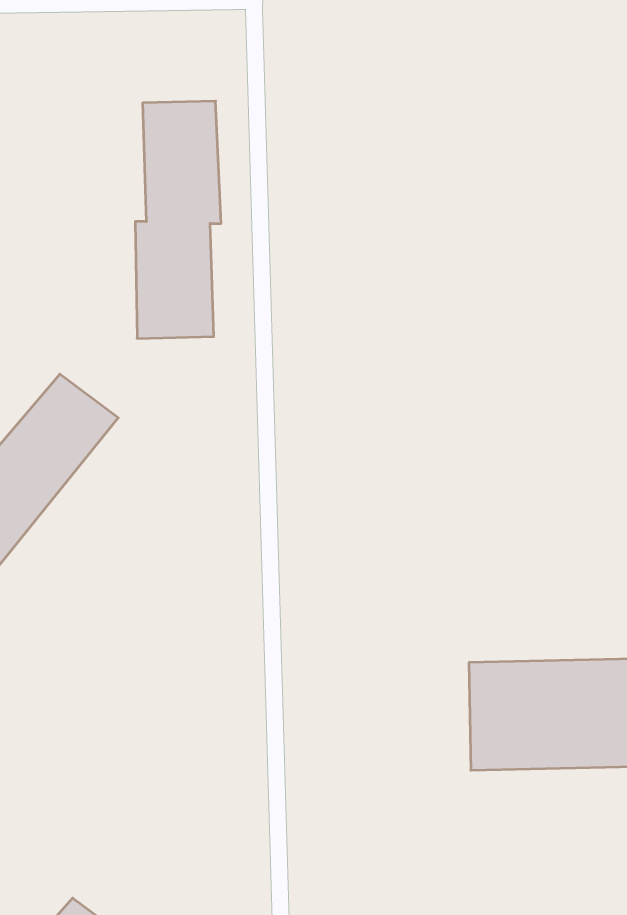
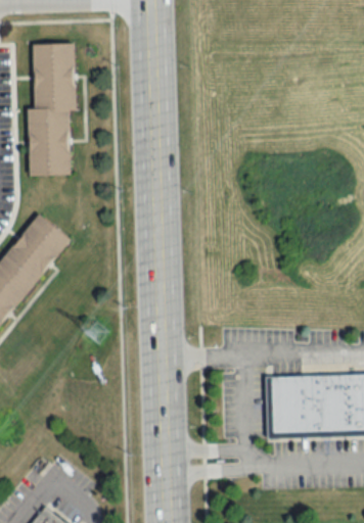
building: [135,101,221,338] -> [27,42,75,175]

